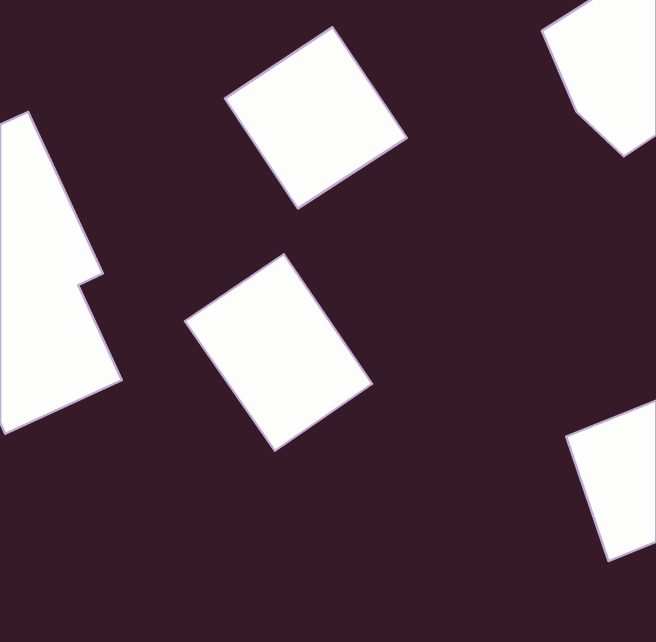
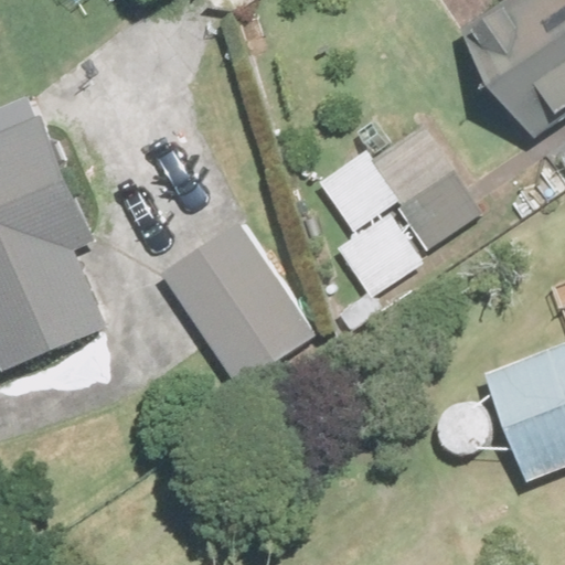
building: [225,27,407,209] -> none
building: none -> [319,110,493,296]

